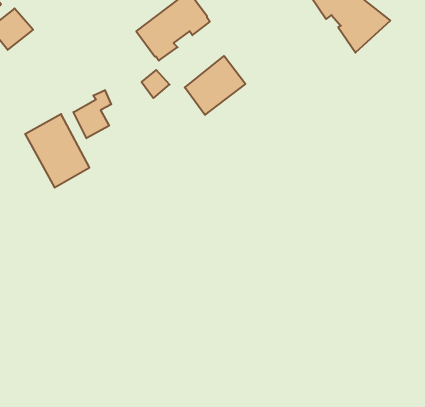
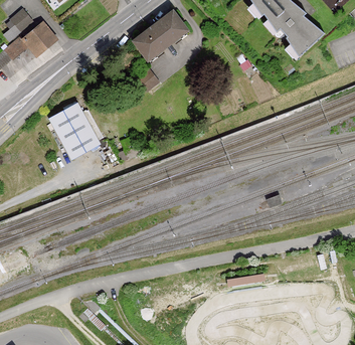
building: [185,56,245,115] -> none
building: [73,90,111,138] -> none

